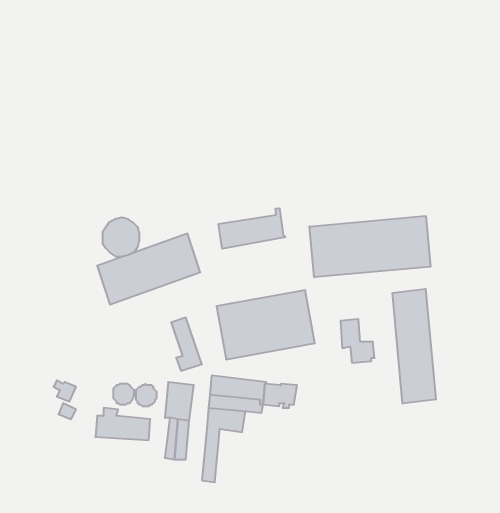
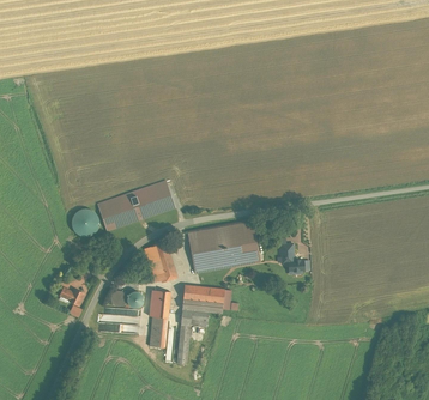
building: [219,208,285,249] -> none
building: [309,216,430,277] -> none
building: [102,218,140,256] -> [71,207,98,236]
building: [393,289,436,404] -> none

